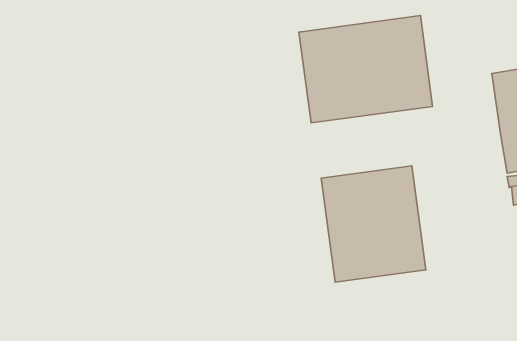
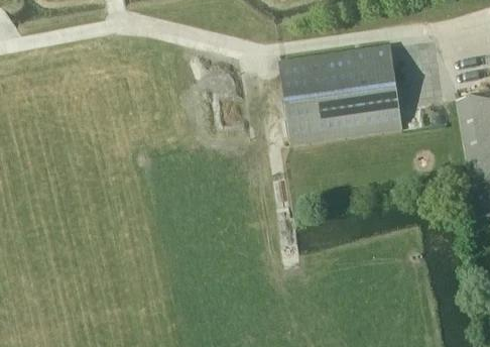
building: [321,166,426,282] -> none

